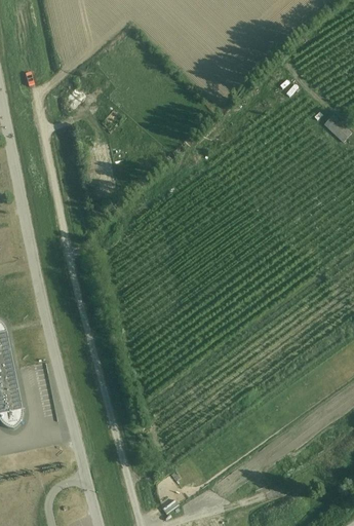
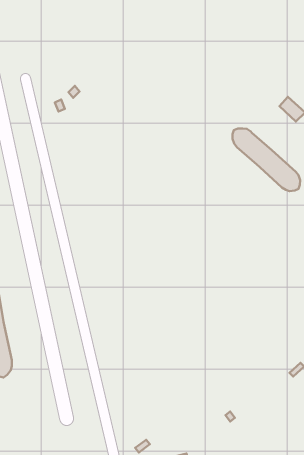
building: none -> [232,128,300,191]

